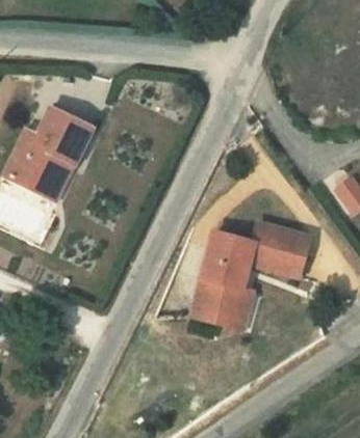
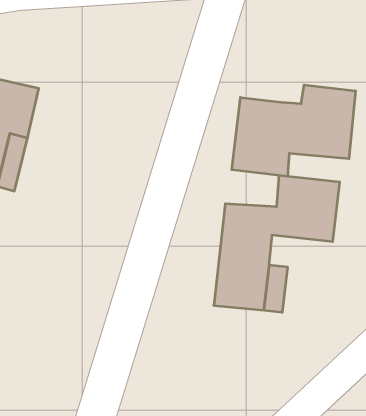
building: none -> [232,85,355,176]

